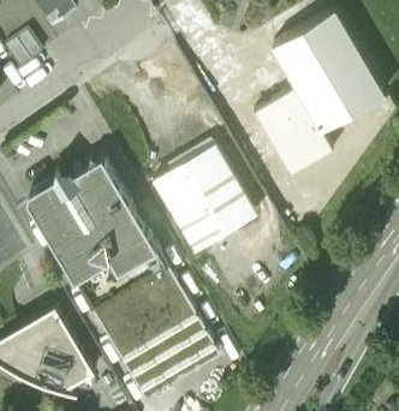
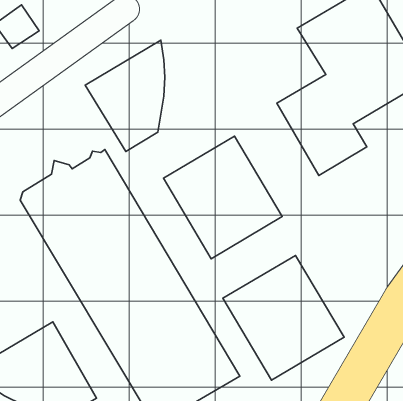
building: none -> [85,40,165,151]
building: none -> [223,255,344,380]

